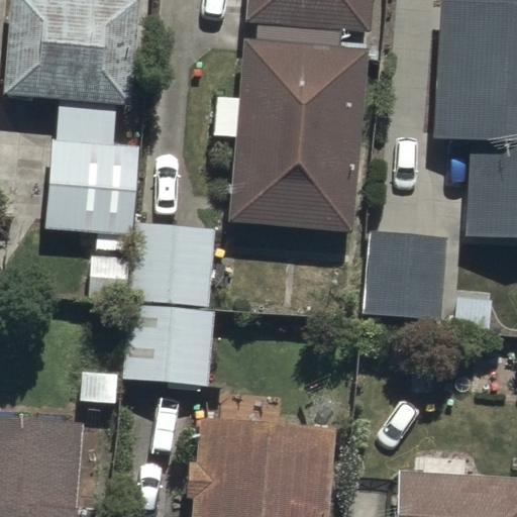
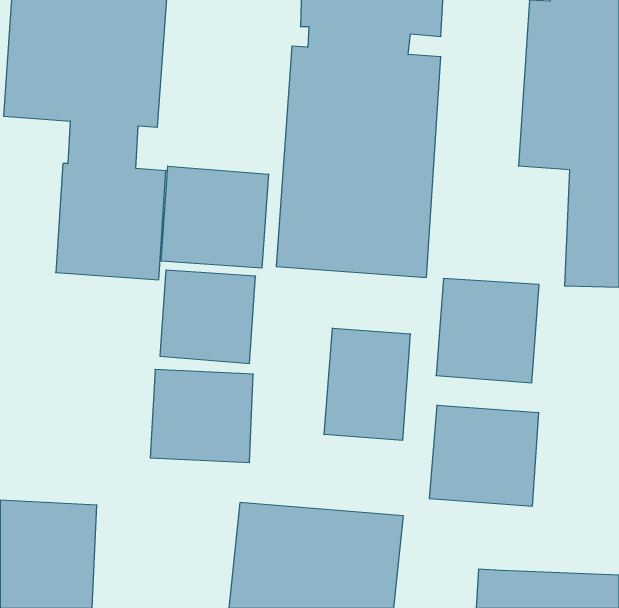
building: none -> [161,166,268,268]
building: none -> [324,328,410,440]
building: none -> [429,405,538,506]

